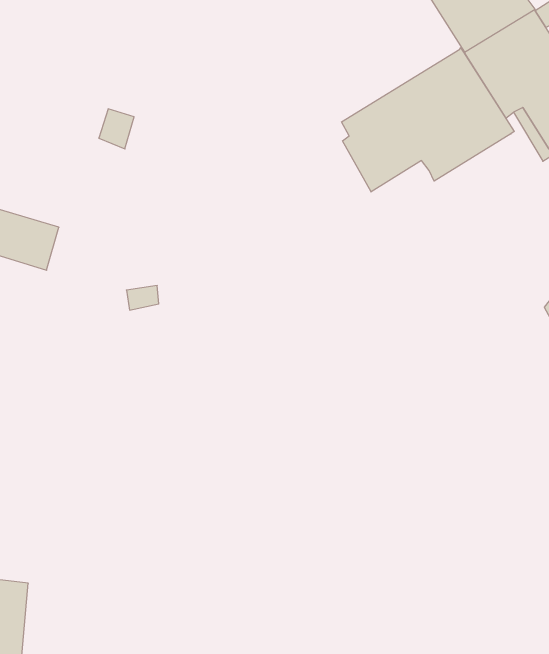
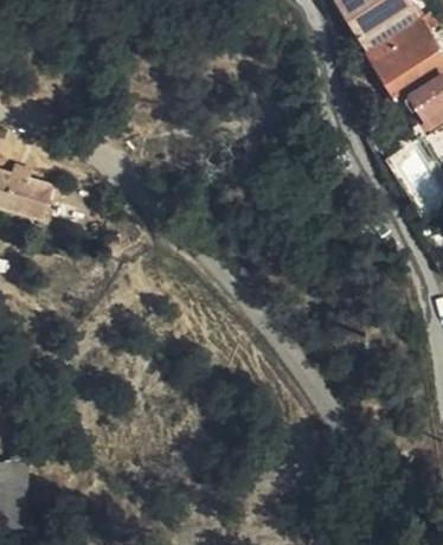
building: [342,48,514,192] -> none

